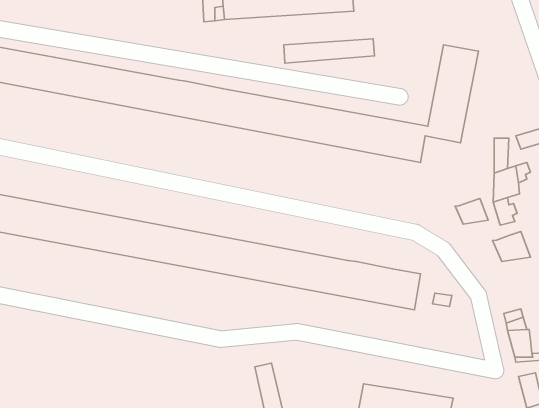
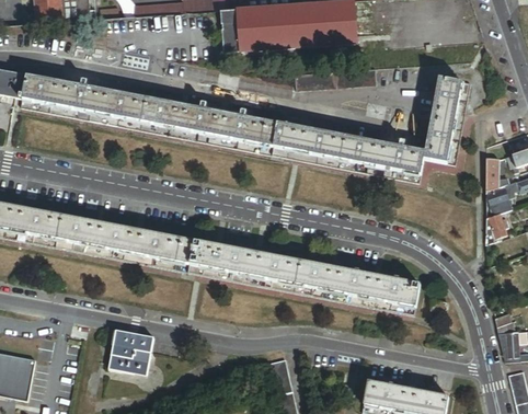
building: [455,198,488,224] -> none
building: [493,231,531,261] -> none
building: none -> [110,330,154,375]

